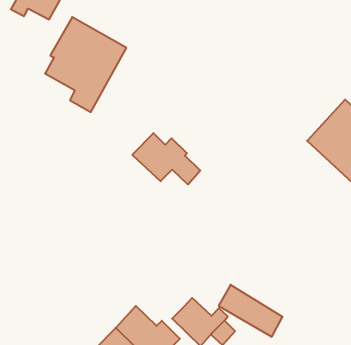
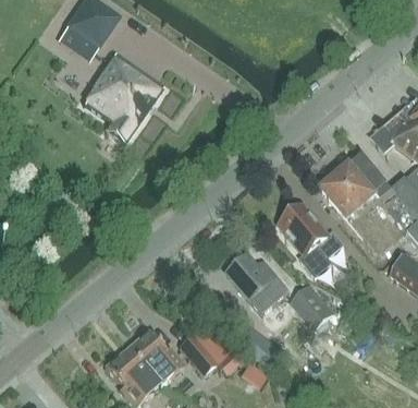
building: [132,133,200,184] -> [225,254,287,305]
building: none -> [279,206,343,277]
building: none -> [288,284,333,328]

